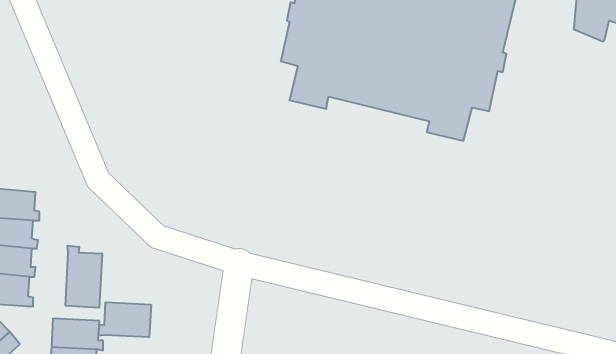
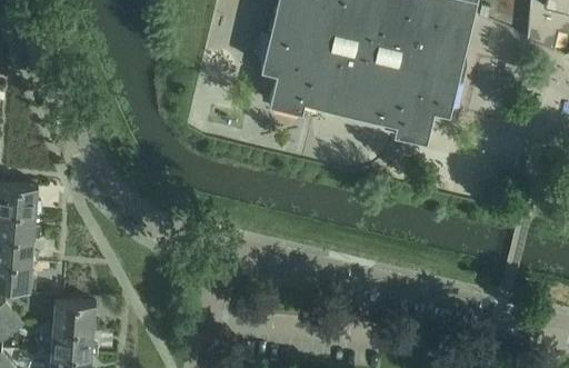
building: [66,246,102,308] -> none
building: [98,302,151,337] -> none

